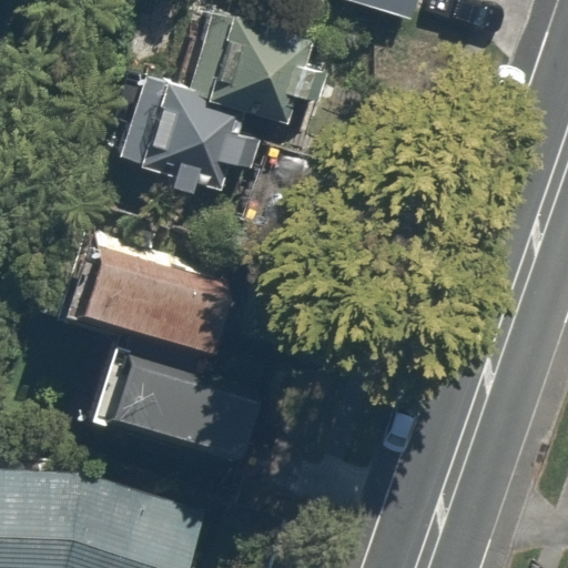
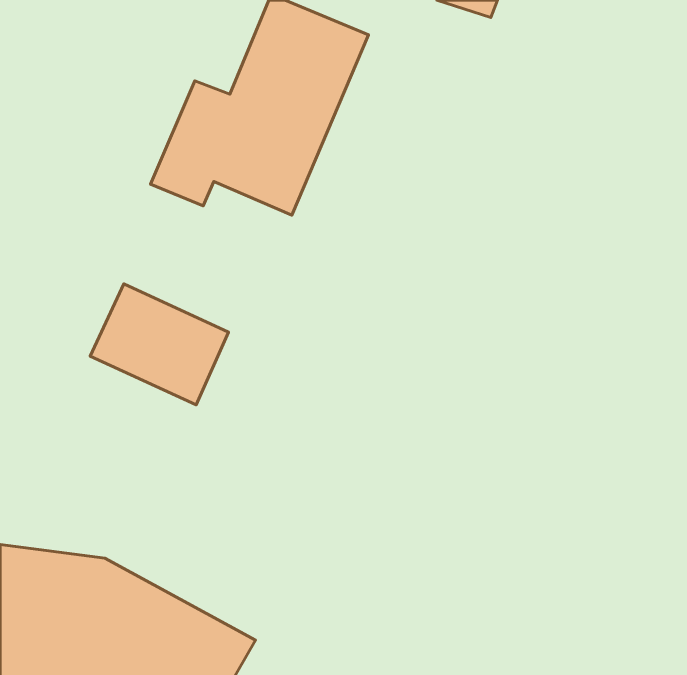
building: [82,343,264,474] -> none

